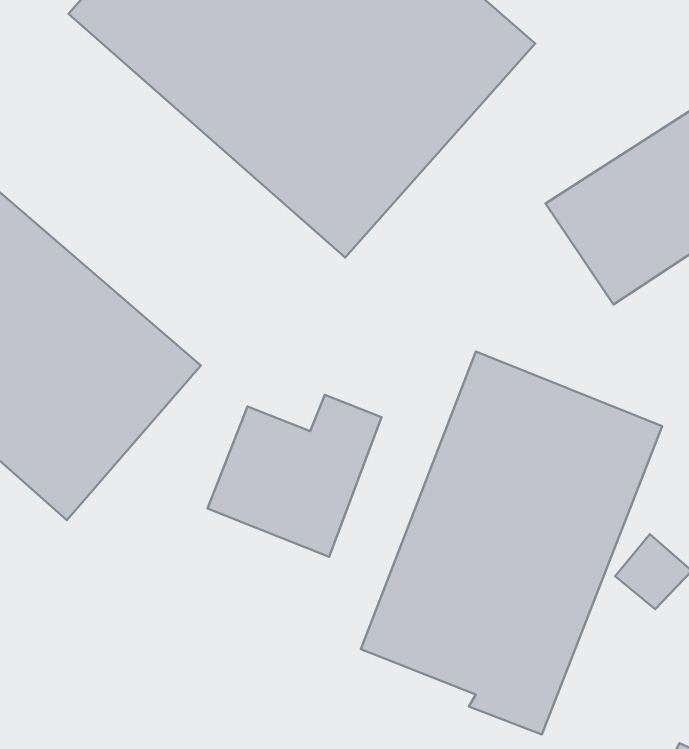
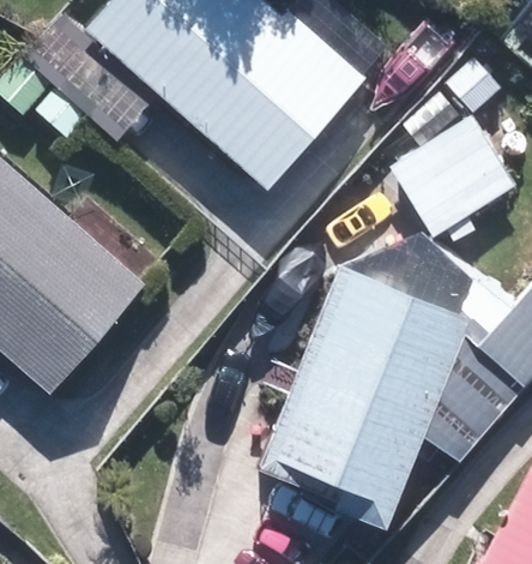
building: [208,395,381,557] -> none

